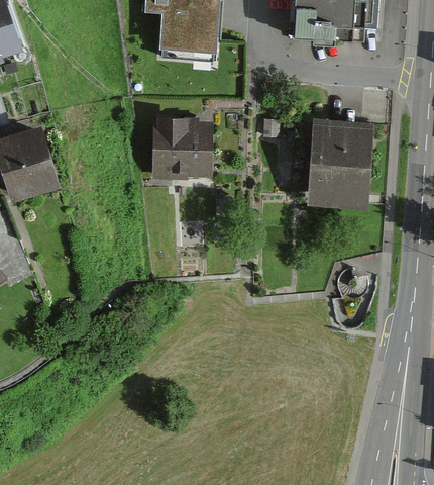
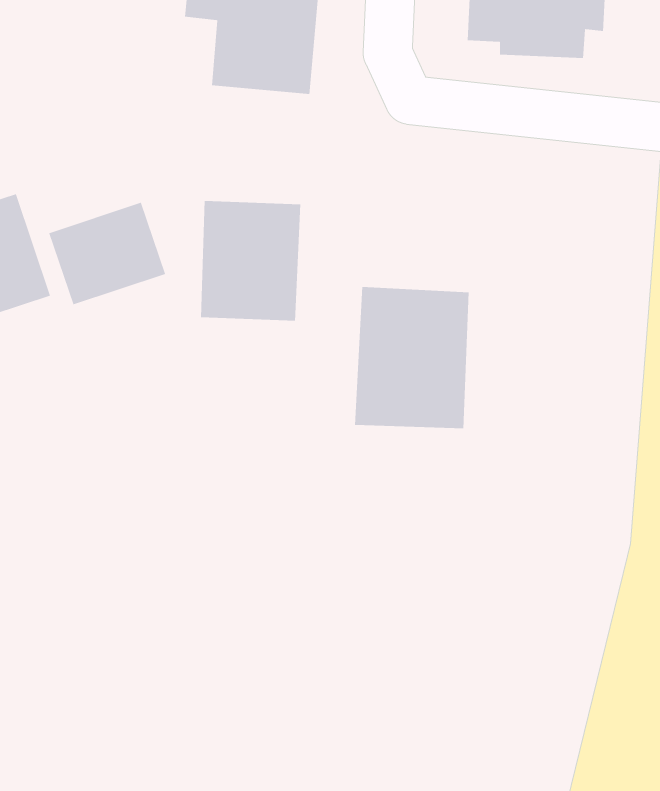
building: [311,119,375,199] -> [354,287,470,429]
building: none -> [48,202,166,305]

